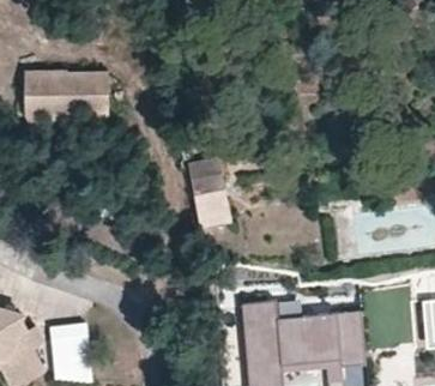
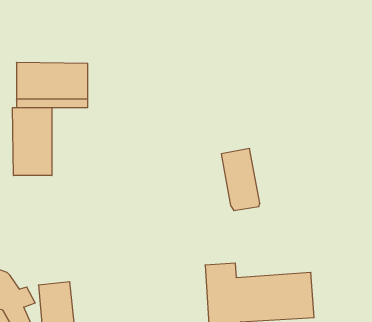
building: none -> [13,108,52,176]
building: [188,157,232,228] -> [221,149,260,211]

